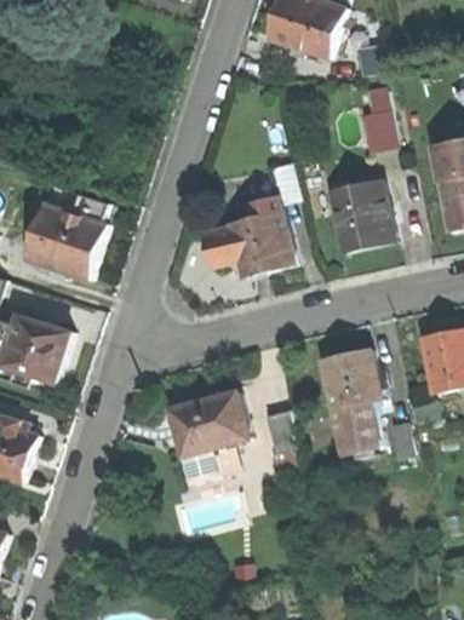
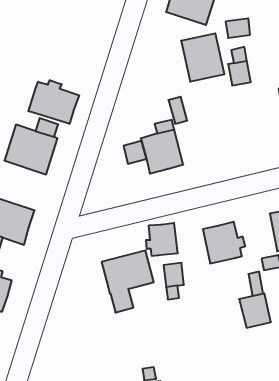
building: none -> [28,80,79,124]
building: [328,179,393,251] -> [181,33,224,82]
building: none -> [146,223,178,256]
building: [333,401,380,452] -> [239,293,271,328]

